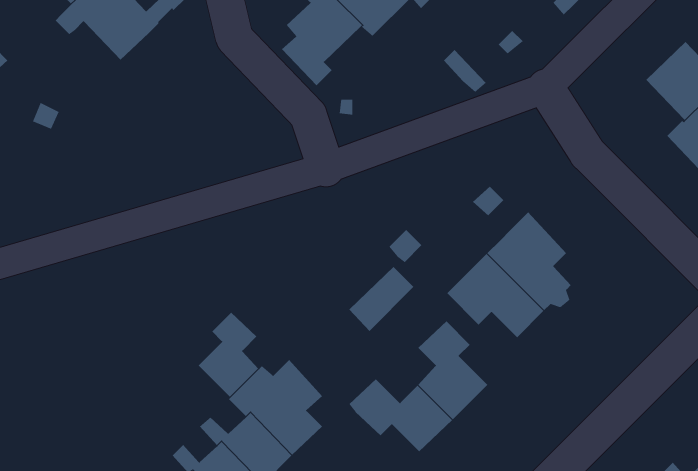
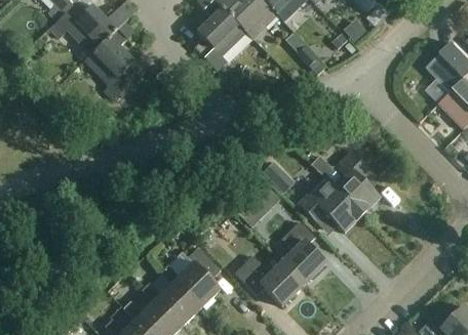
building: none -> [84,22,136,100]
building: [198,312,259,398] -> none

